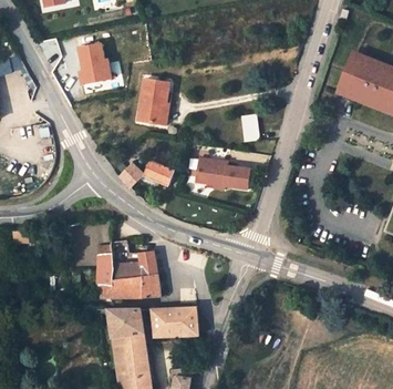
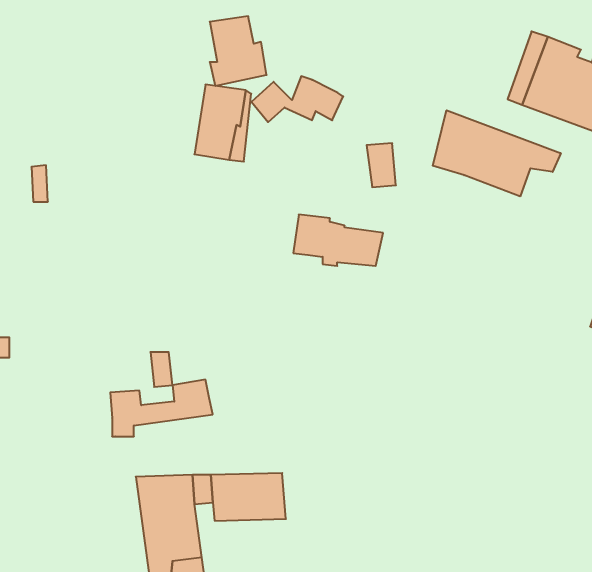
building: [83,40,117,82] -> [210,16,267,86]
building: none -> [433,110,561,196]
building: [117,162,173,190] -> [252,76,343,122]
building: [97,275,159,298] -> none

